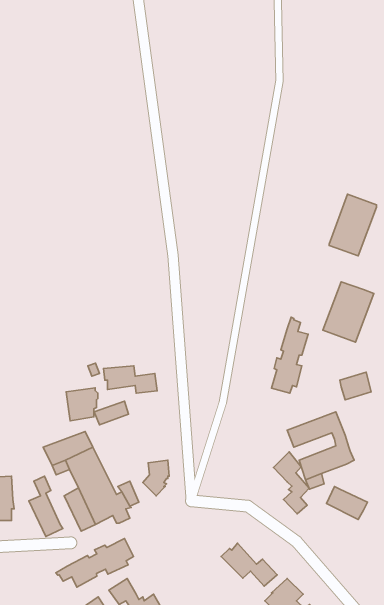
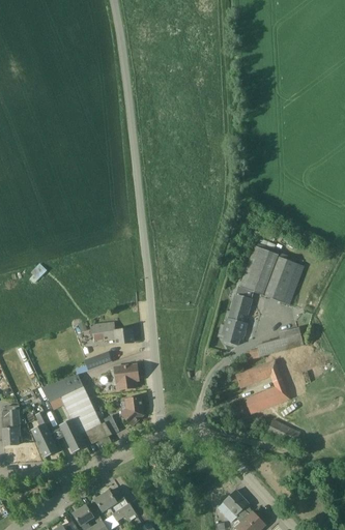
building: [329,194,377,256] -> [240,246,278,295]
building: [66,388,98,421] -> [114,364,139,390]
building: [274,452,309,514] -> none
building: [56,539,134,587] -> none
building: [221,543,277,586] -> none

